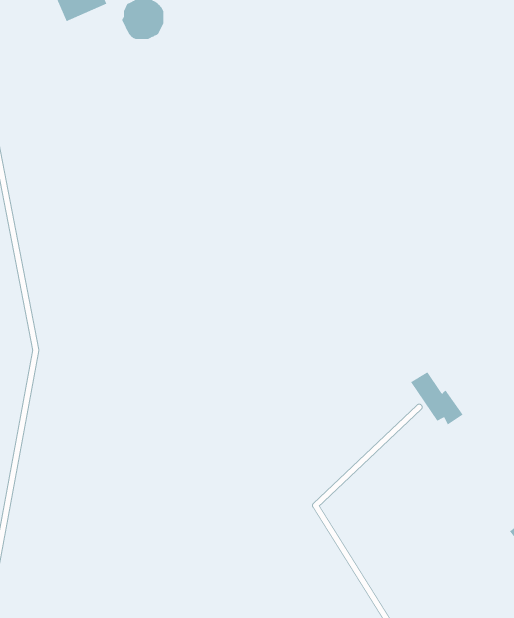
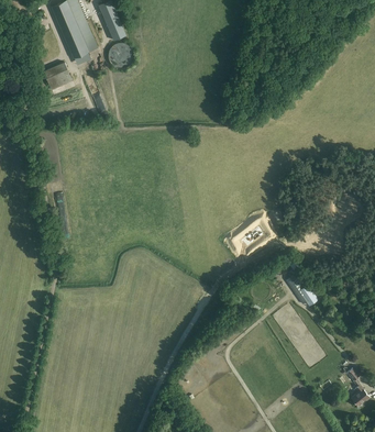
building: none -> [44,63,73,90]

